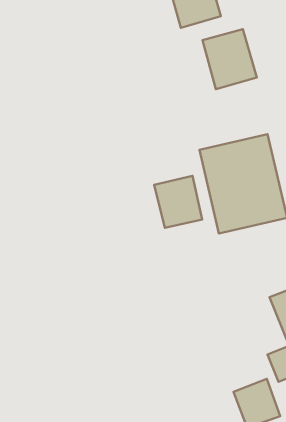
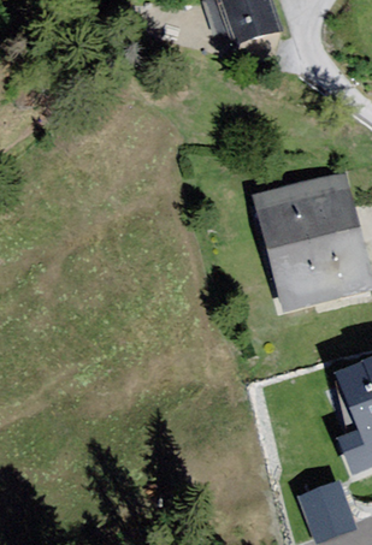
building: [203,29,257,89] -> none
building: [154,176,202,228] -> none

